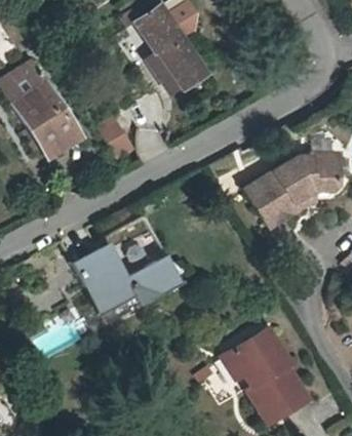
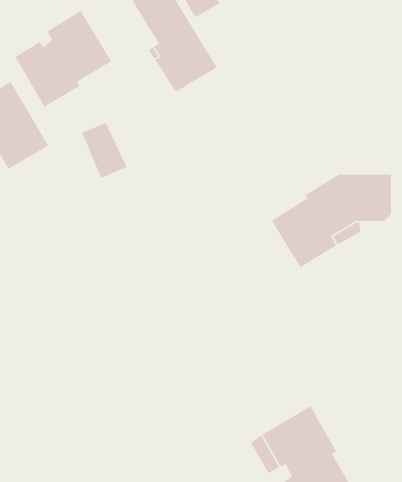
building: none -> [14,10,112,108]
building: [71,243,182,307] -> none

